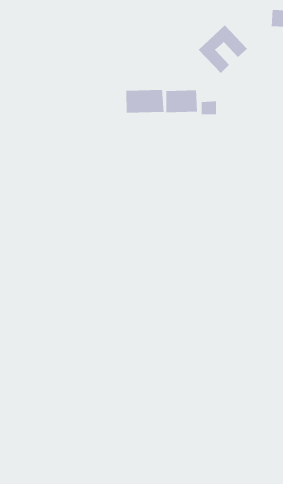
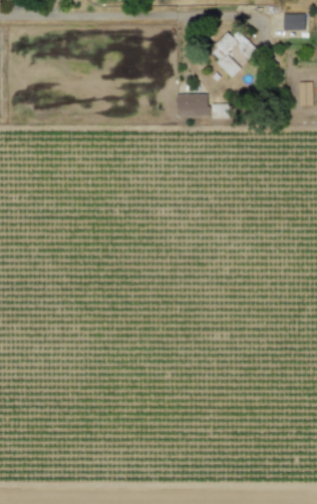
building: [126,89,164,114] -> none

